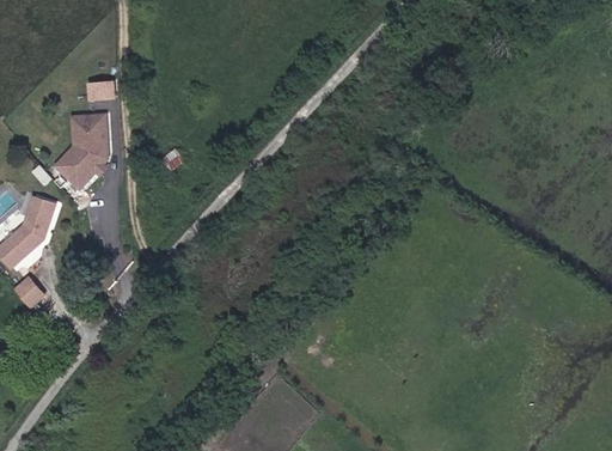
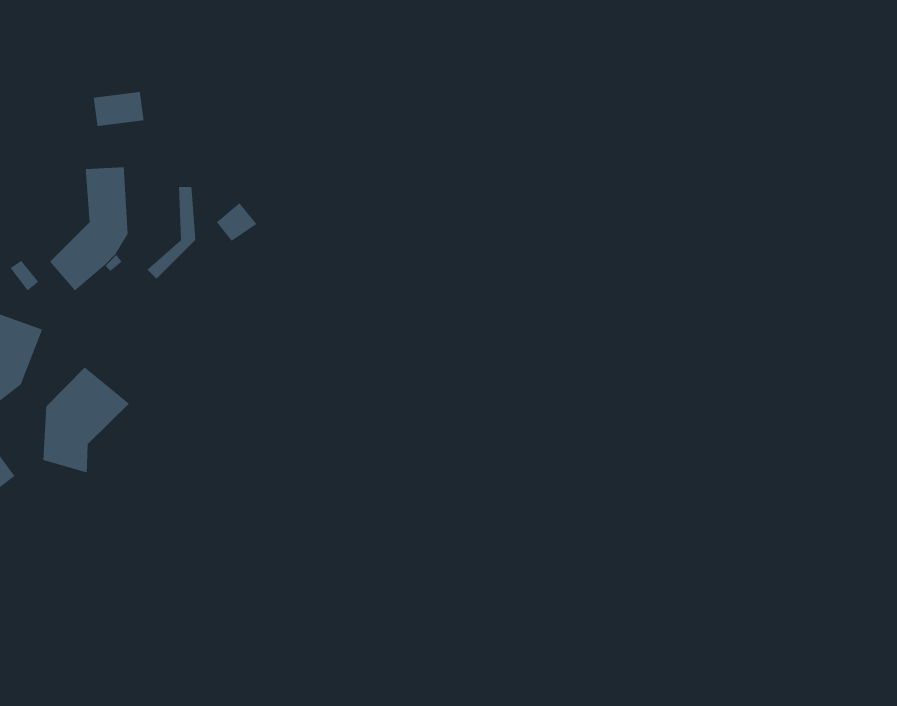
building: [54,114,84,170] -> [147,186,196,279]
building: none -> [42,367,130,473]

